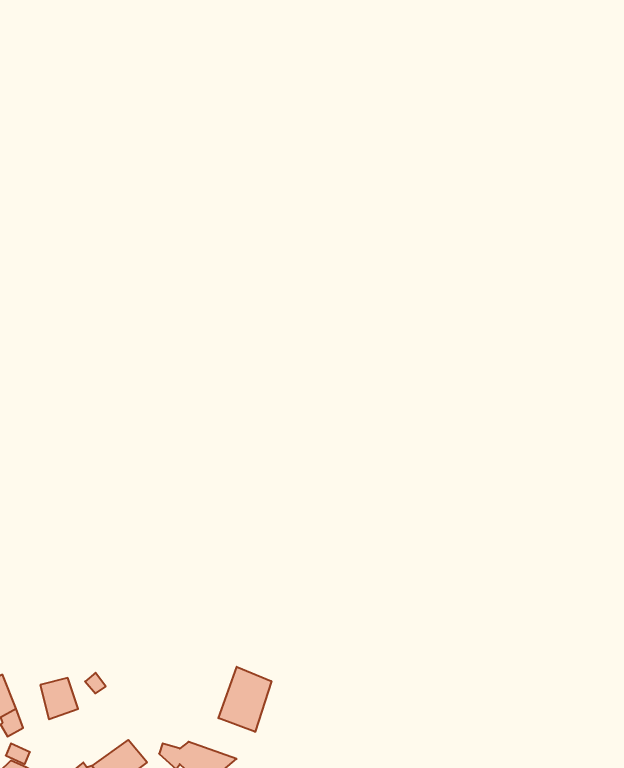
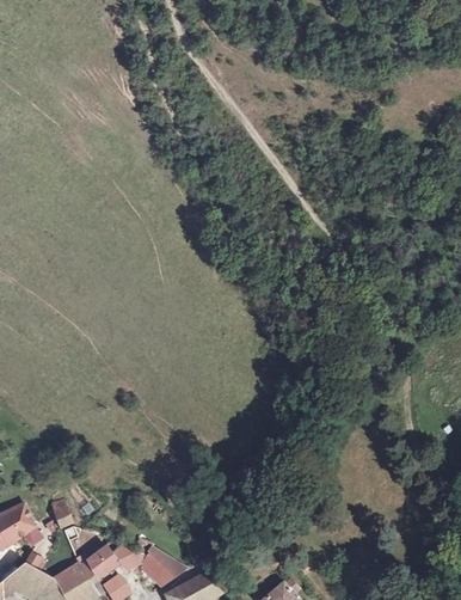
building: [218,667,271,732] -> none

